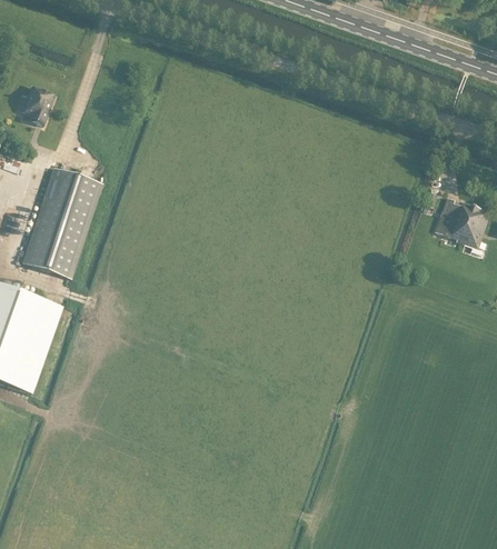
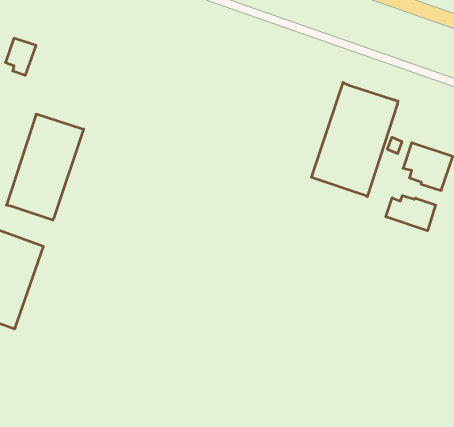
building: none -> [311,82,398,197]
building: none -> [386,196,436,231]

